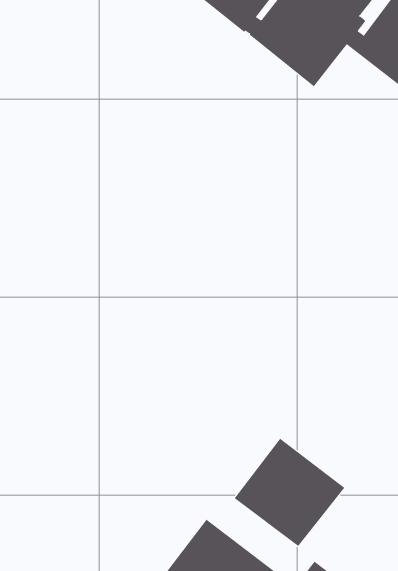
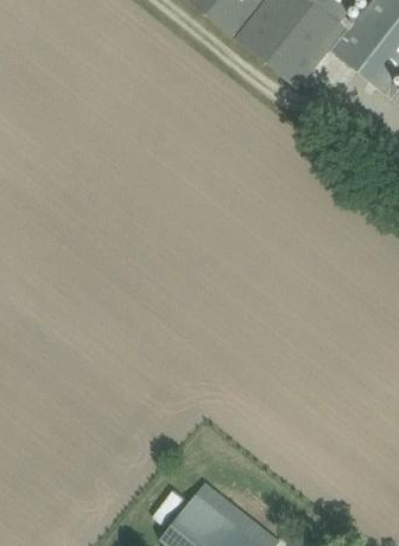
building: [234,438,345,547] -> none

